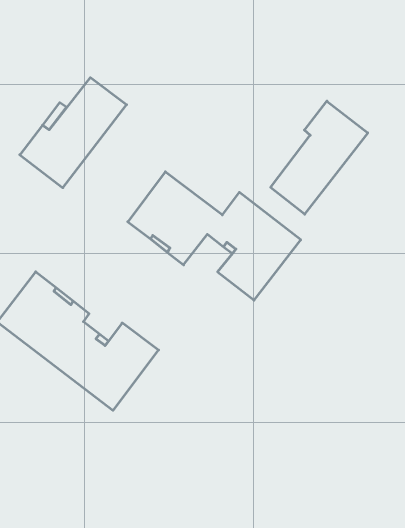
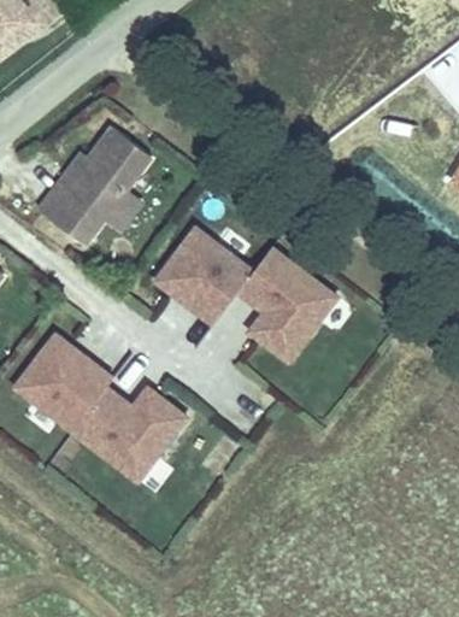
building: [271,101,368,214] -> none

